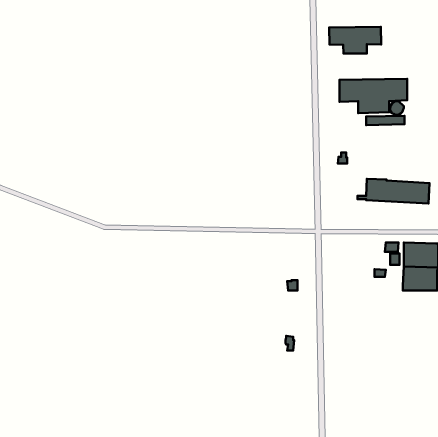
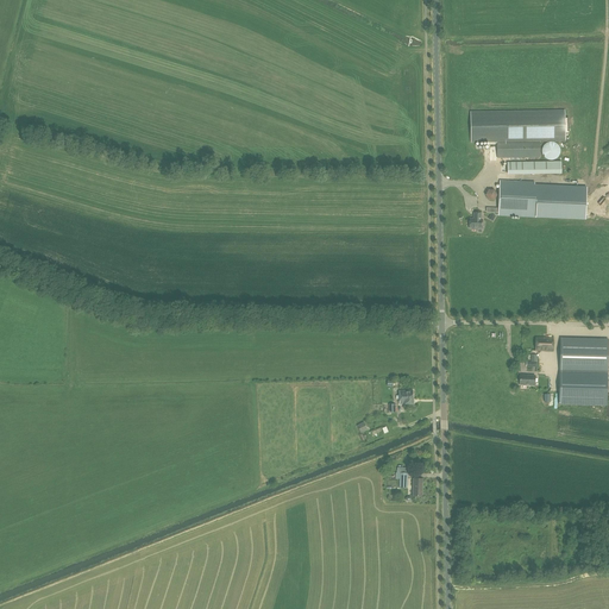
building: [329,27,381,54] -> none
building: [357,179,429,204] -> [486,183,586,218]

